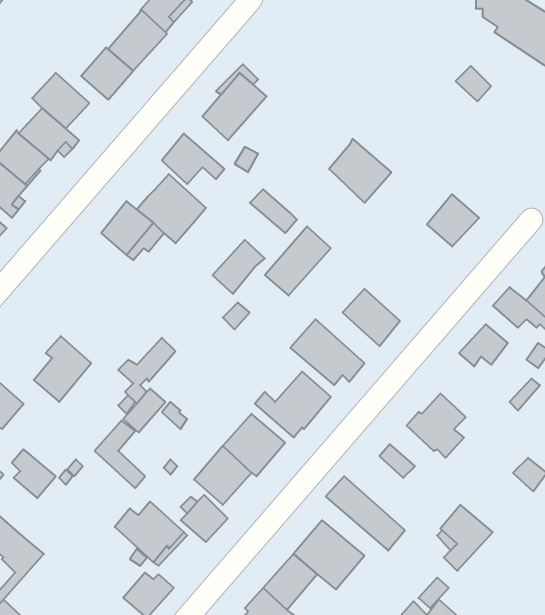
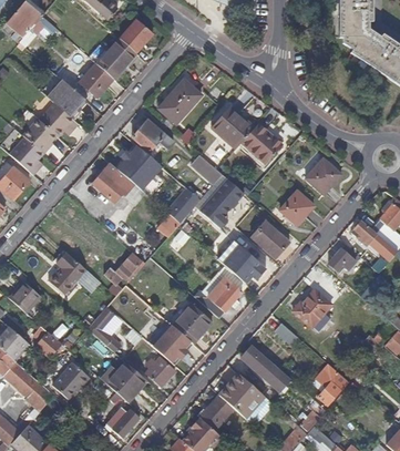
building: none -> [209,104,255,150]
building: none -> [279,191,312,225]
building: none -> [52,361,90,399]

